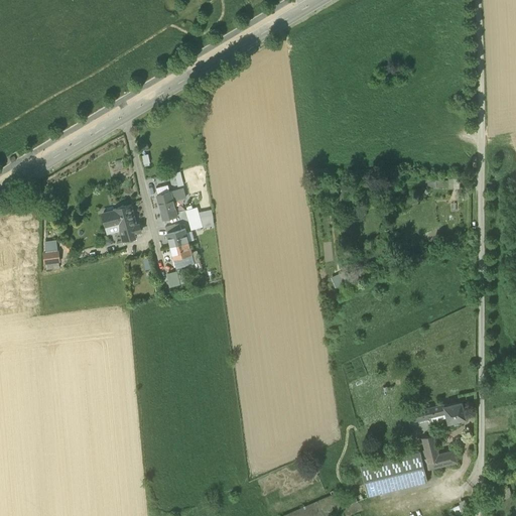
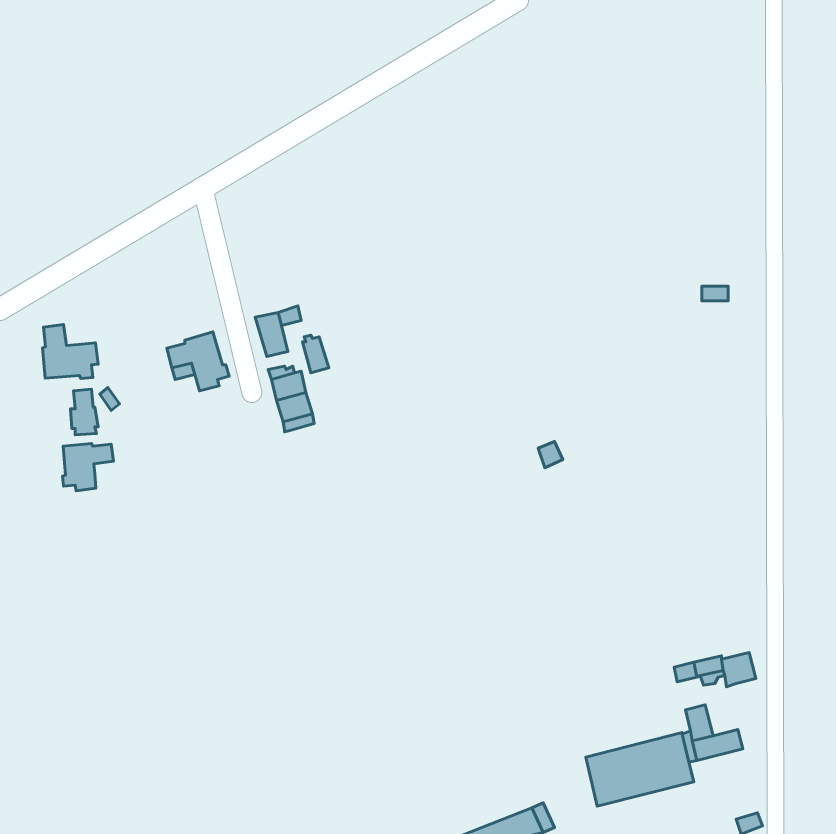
building: none -> [42,324,98,379]
building: none -> [63,444,114,491]

